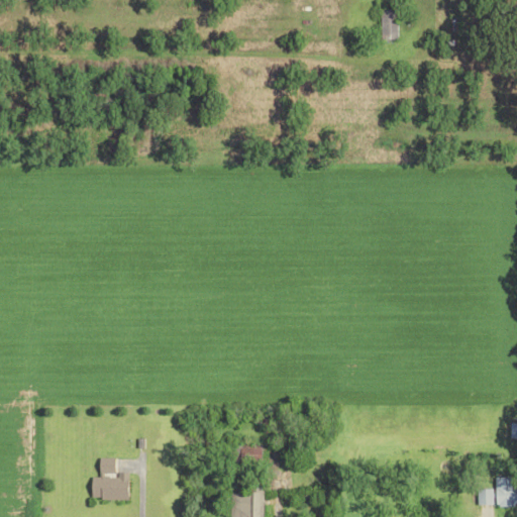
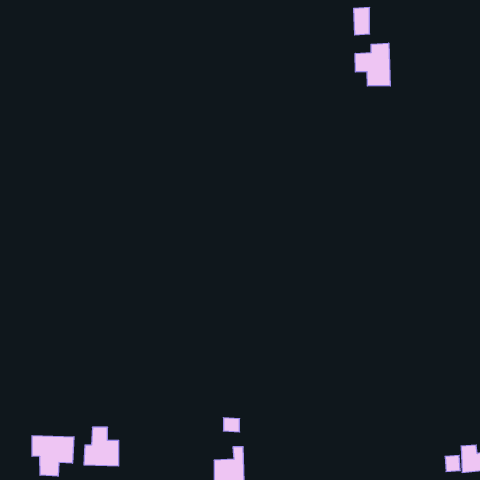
building: none -> [355,43,390,86]
building: none -> [32,436,74,476]

